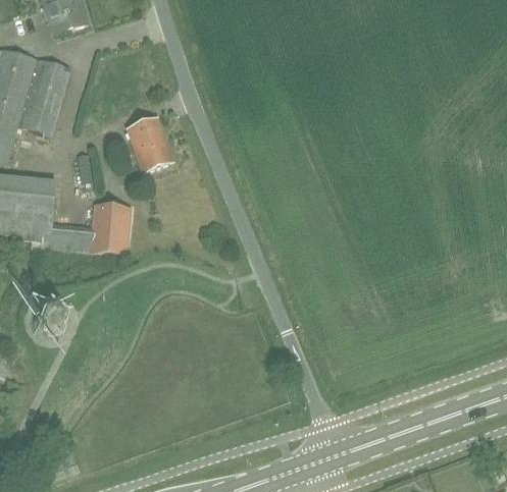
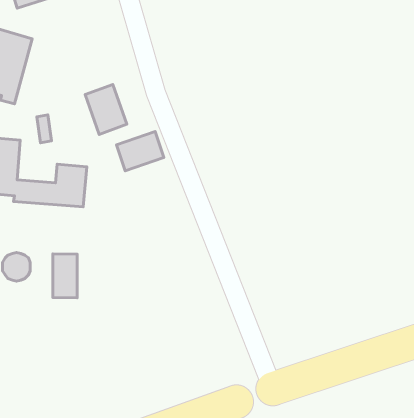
building: none -> [117,131,164,171]
building: none -> [53,254,77,298]

